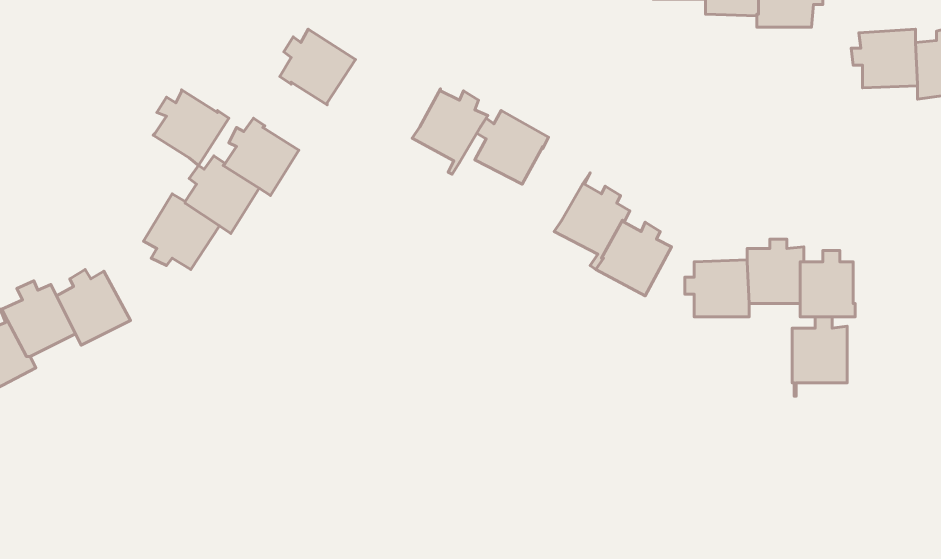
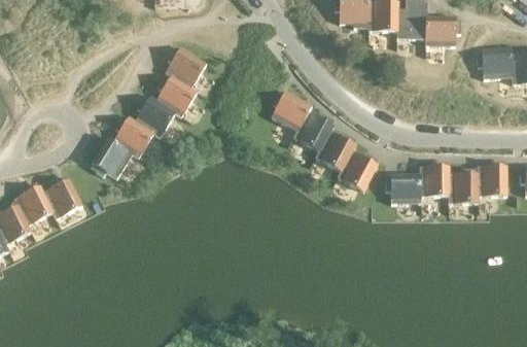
building: [412,89,488,174] -> [293,110,335,157]
building: [153,90,229,165] -> [156,75,198,116]
building: [792,317,847,396] -> [478,160,507,203]

